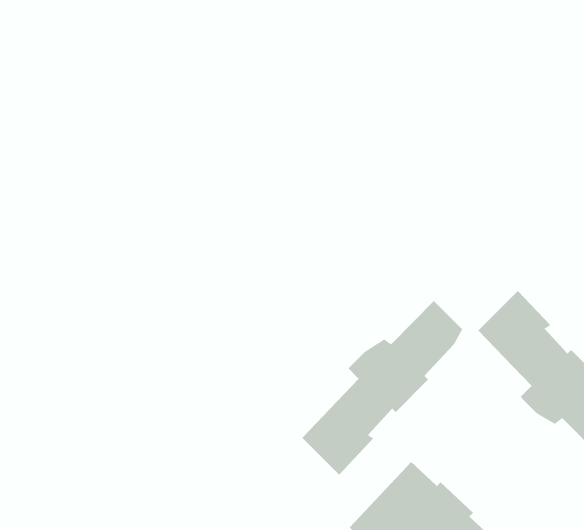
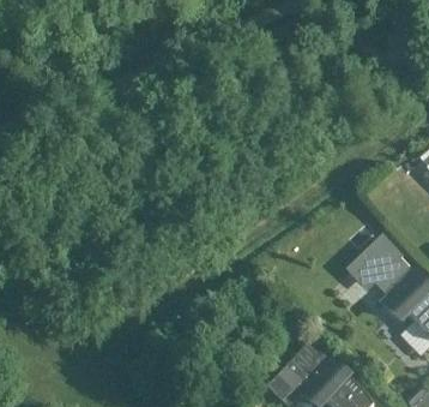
building: [302,300,463,476] -> none

